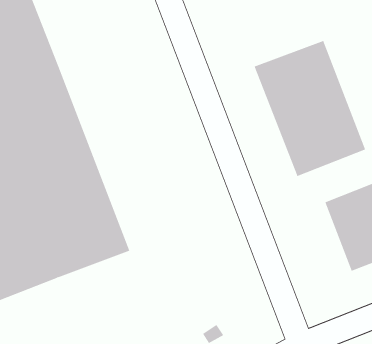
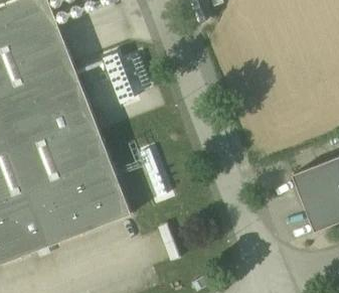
building: [254,40,366,177] -> none

